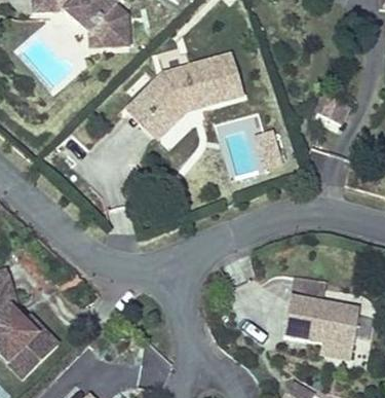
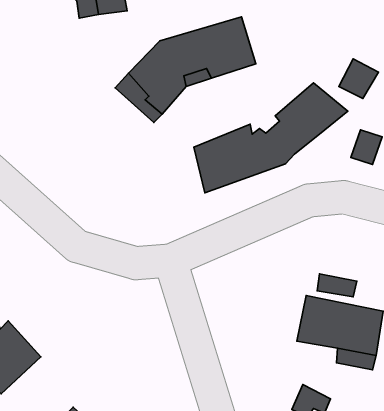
building: none -> [194,83,348,193]

